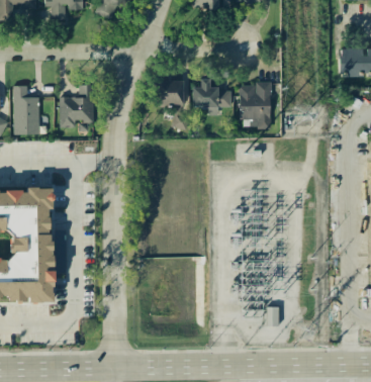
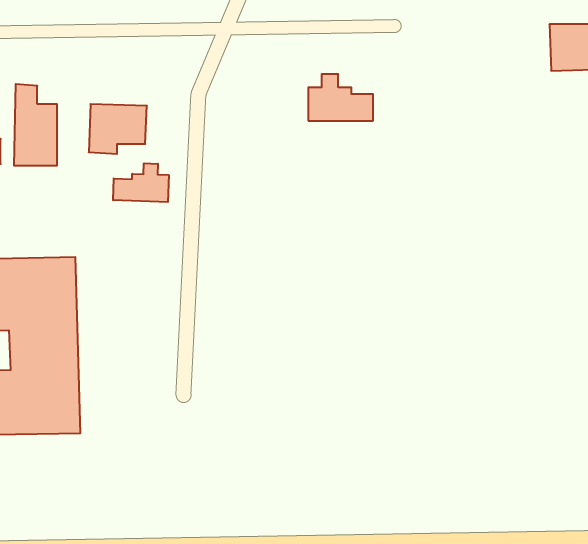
building: [157,80,184,106] -> none
building: [240,83,272,128] -> none
building: none -> [113,163,169,202]

